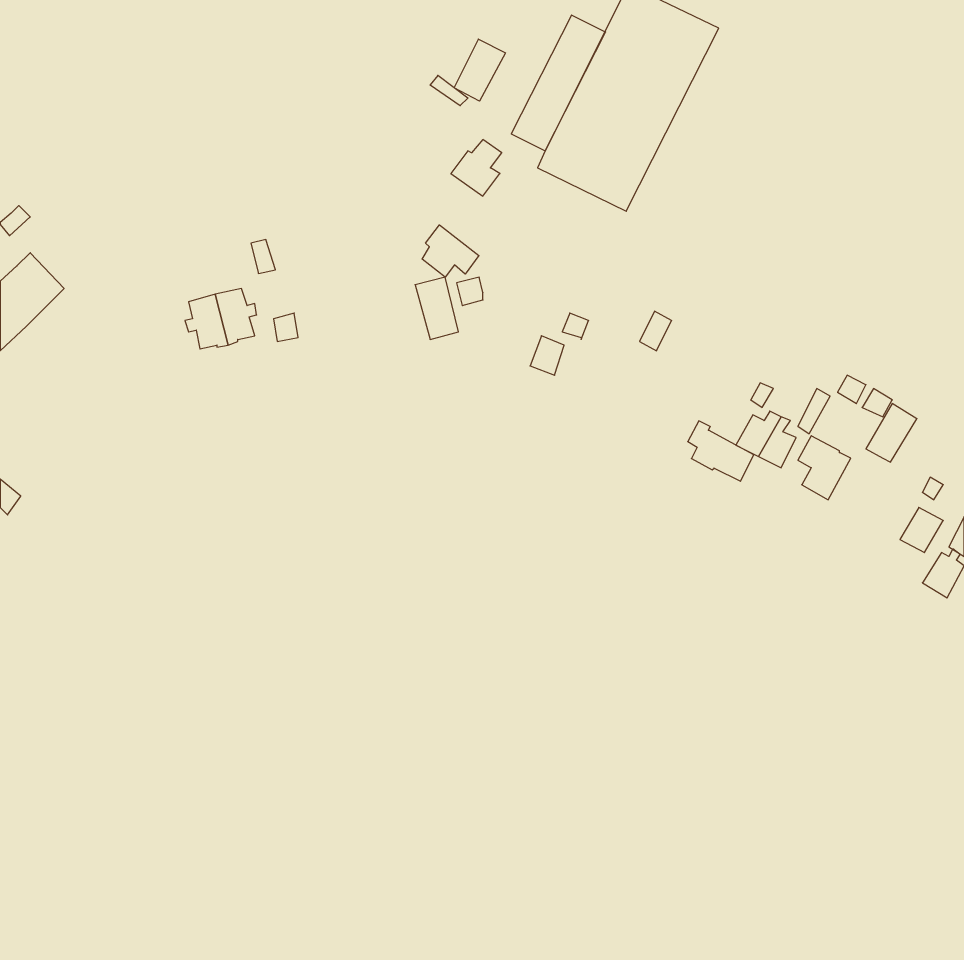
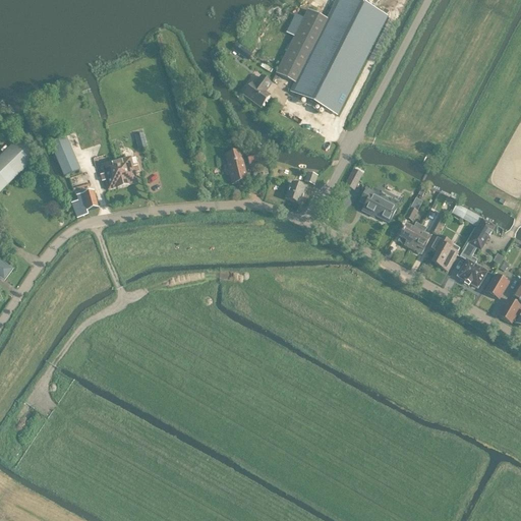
building: [454,39,505,101] -> none
building: [422,225,479,277] -> none
building: none -> [53,140,80,174]
building: none -> [71,188,98,217]
building: [688,421,754,481] -> [360,188,396,221]
building: none -> [457,242,487,287]

